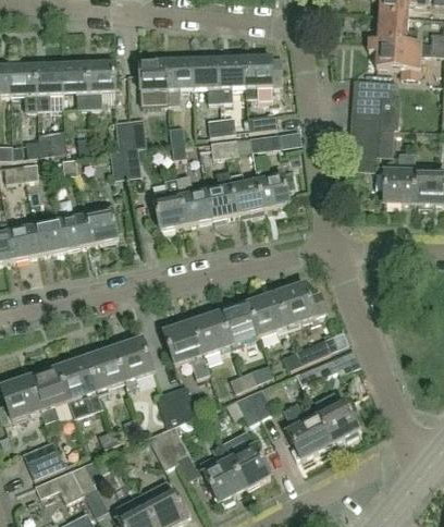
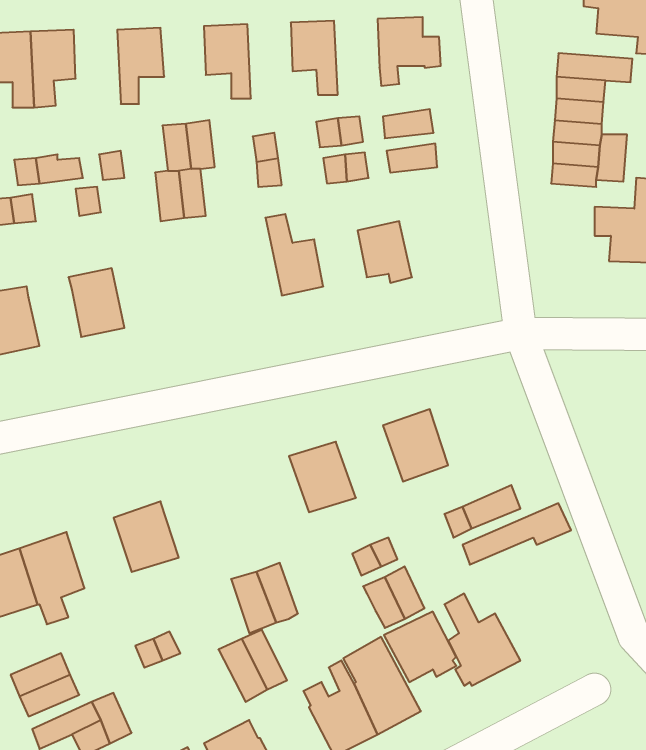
building: [219,57,246,102] -> none
building: [166,59,194,105] -> none
building: [62,63,90,109] -> none
building: [380,94,399,127] -> none
building: [256,167,296,208] -> none
building: [207,170,238,218] -> none
building: [153,176,187,229] -> none
building: [85,201,119,243] -> none
building: [35,220,66,254] -> none
building: [276,282,326,326] -> none
building: [220,302,260,345] -> none
building: [163,320,210,377] -> none
building: [114,338,153,381] -> none
building: [58,357,102,417] -> none
building: [316,401,359,443] -> [384,612,456,682]

